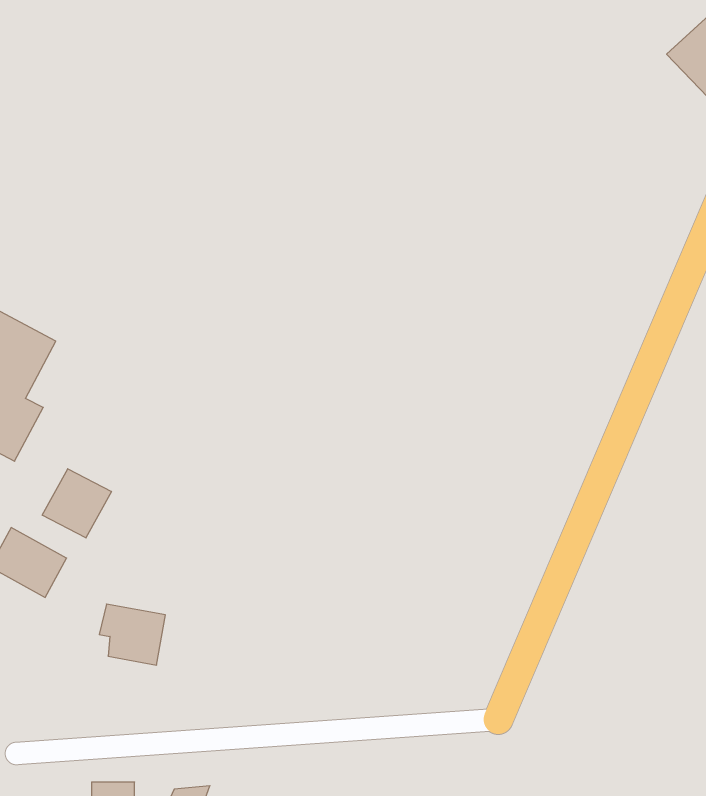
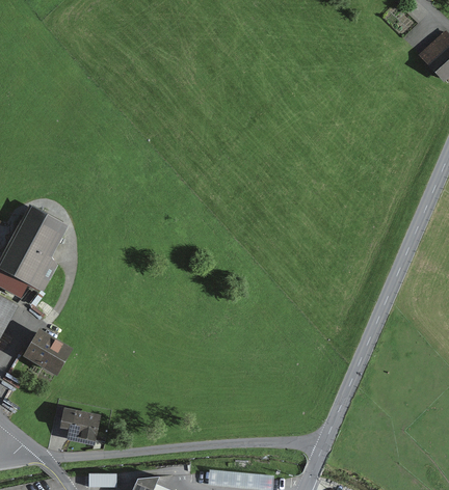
building: [42,469,111,538] -> none
building: [99,604,165,665] -> [60,407,99,442]

